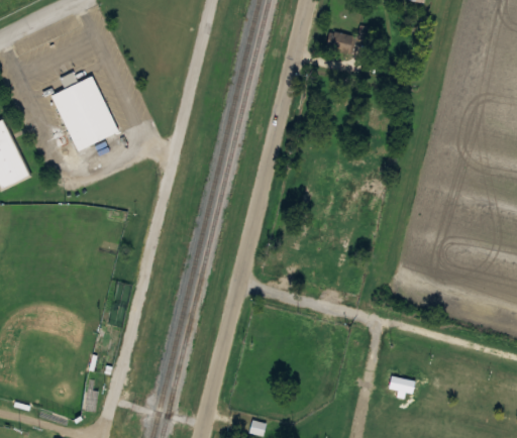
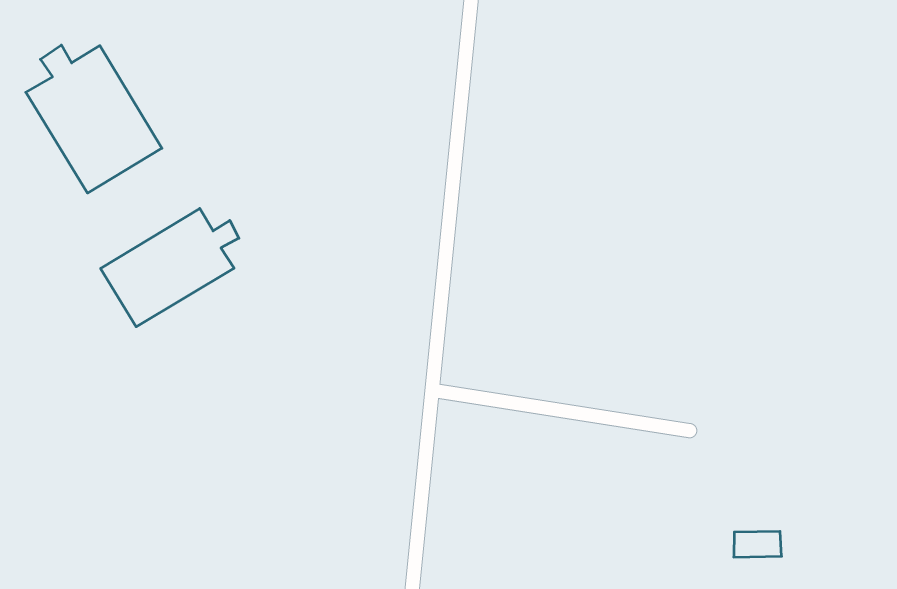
building: none -> [101,208,239,327]

